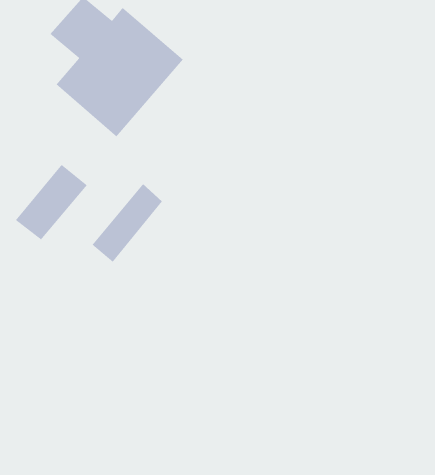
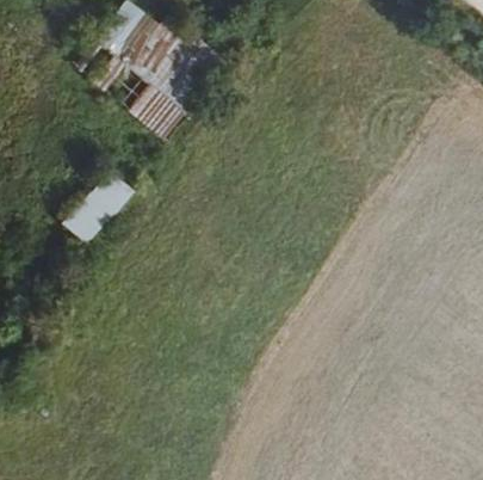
building: [92,183,163,263] -> none

